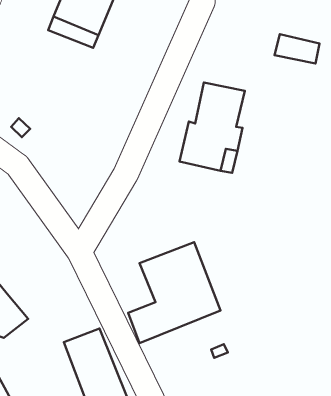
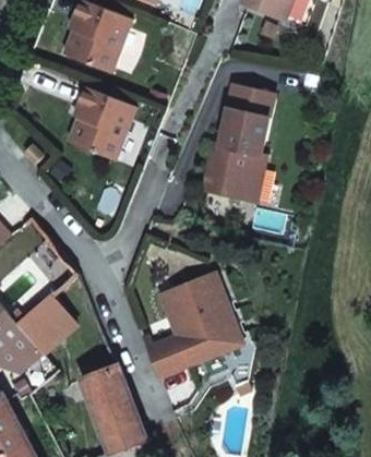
building: [274,34,320,64] -> [225,86,272,117]
building: none -> [67,87,135,161]
building: none -> [21,296,76,353]

